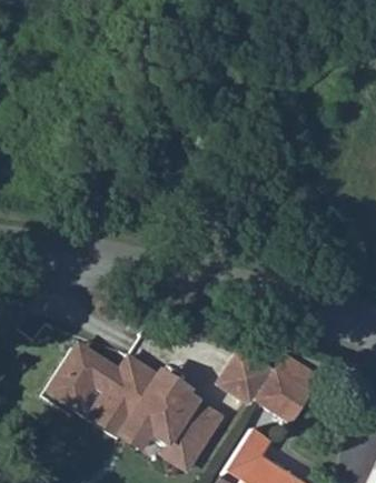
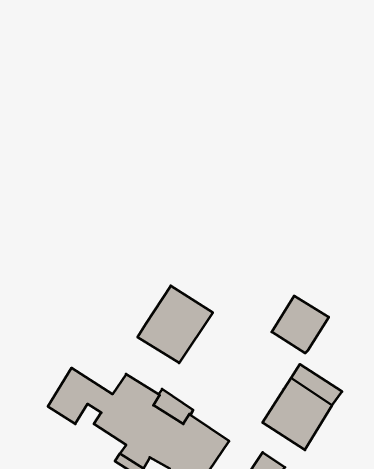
building: none -> [138,286,213,363]
building: [219,352,270,403] -> [272,296,329,353]

